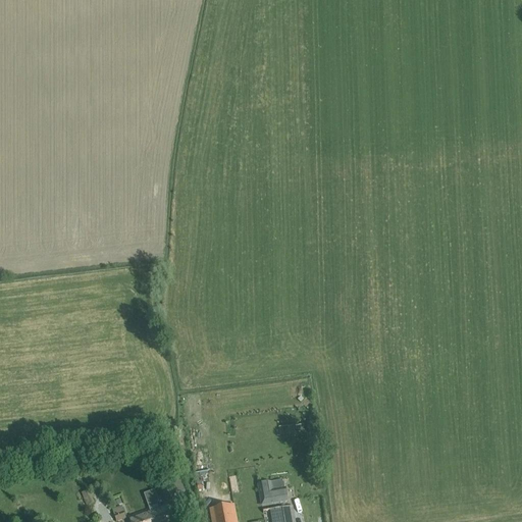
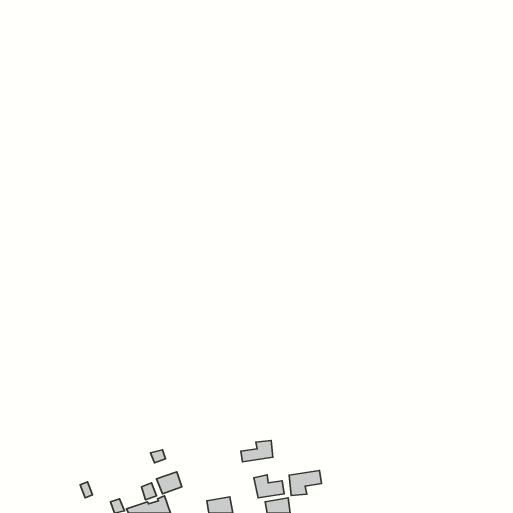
building: none -> [241,441,273,462]
building: none -> [289,470,321,496]

